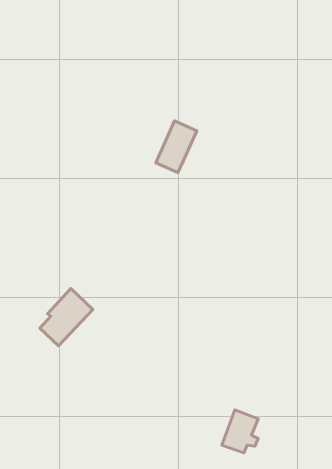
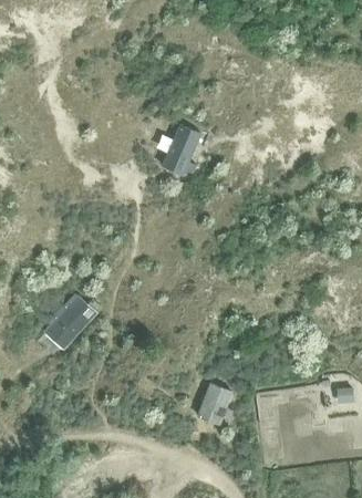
building: [222,410,258,453] -> [197,382,234,425]

